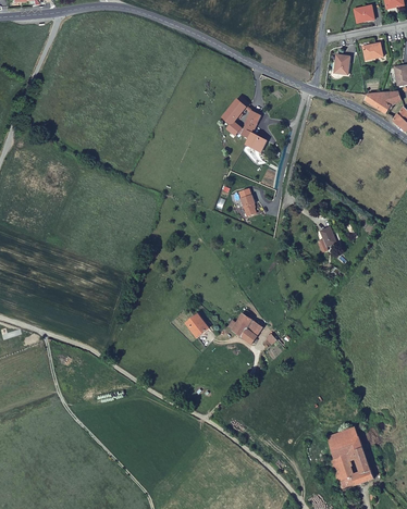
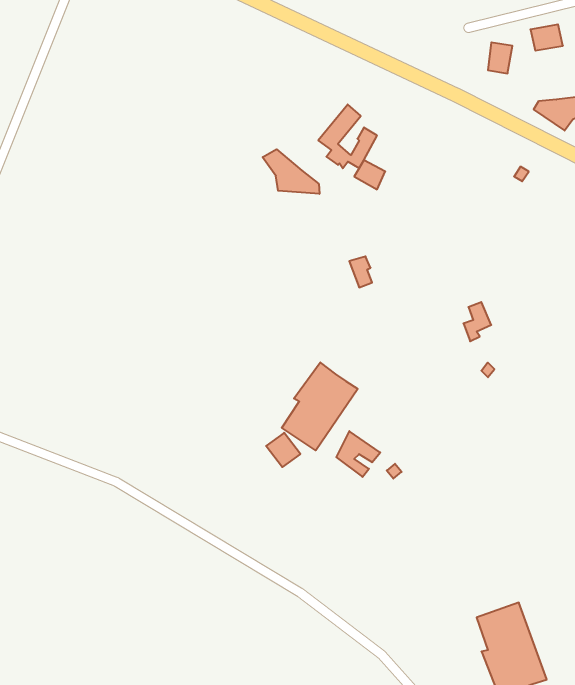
building: none -> [263,149,319,194]
building: none -> [282,362,358,450]

